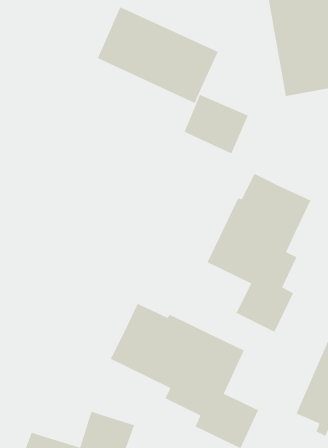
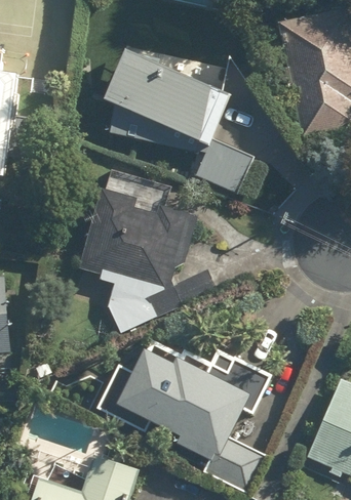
building: none -> [78,189,216,332]
building: [207,173,311,333] -> none

